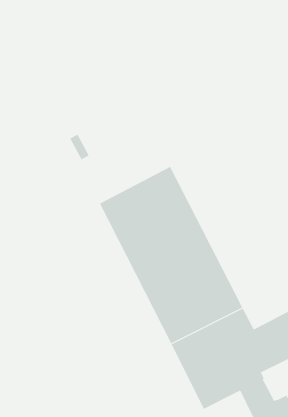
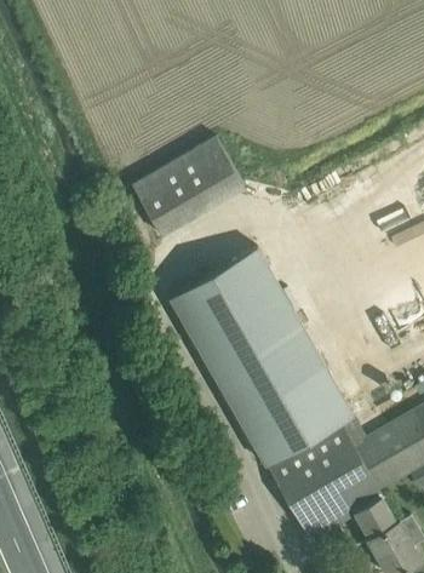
building: none -> [131,137,245,239]

